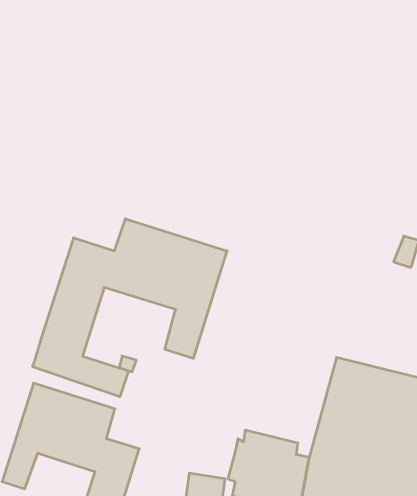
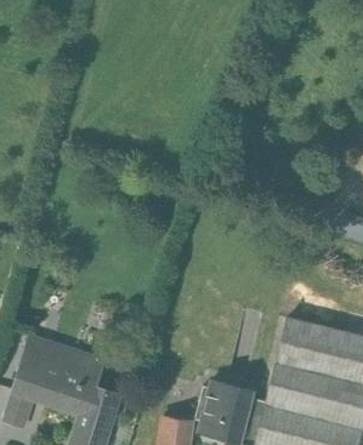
building: [33,219,227,397] -> none

